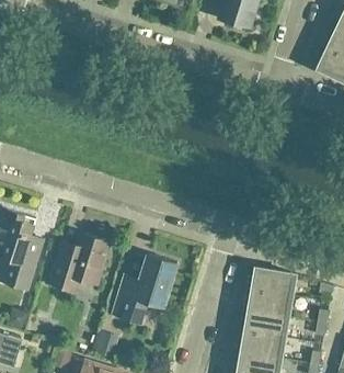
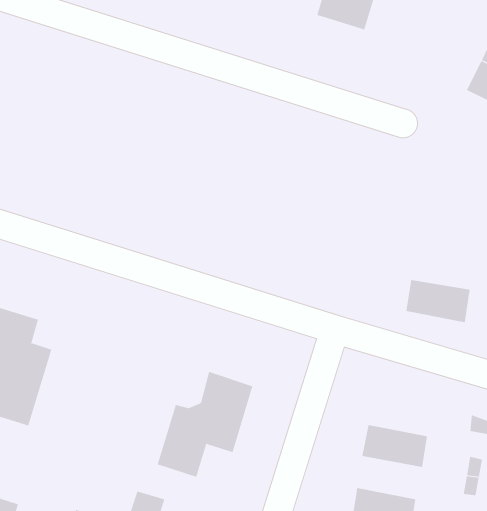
building: [48,231,110,291] -> none
building: [252,267,295,295] -> [406,280,470,323]
building: [244,308,288,337] -> none

